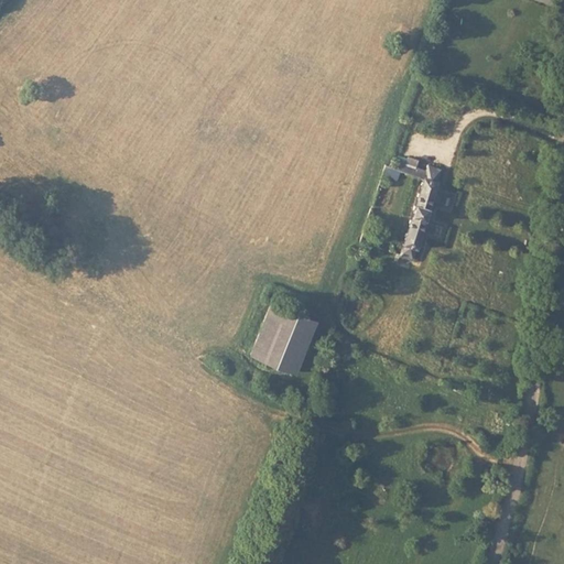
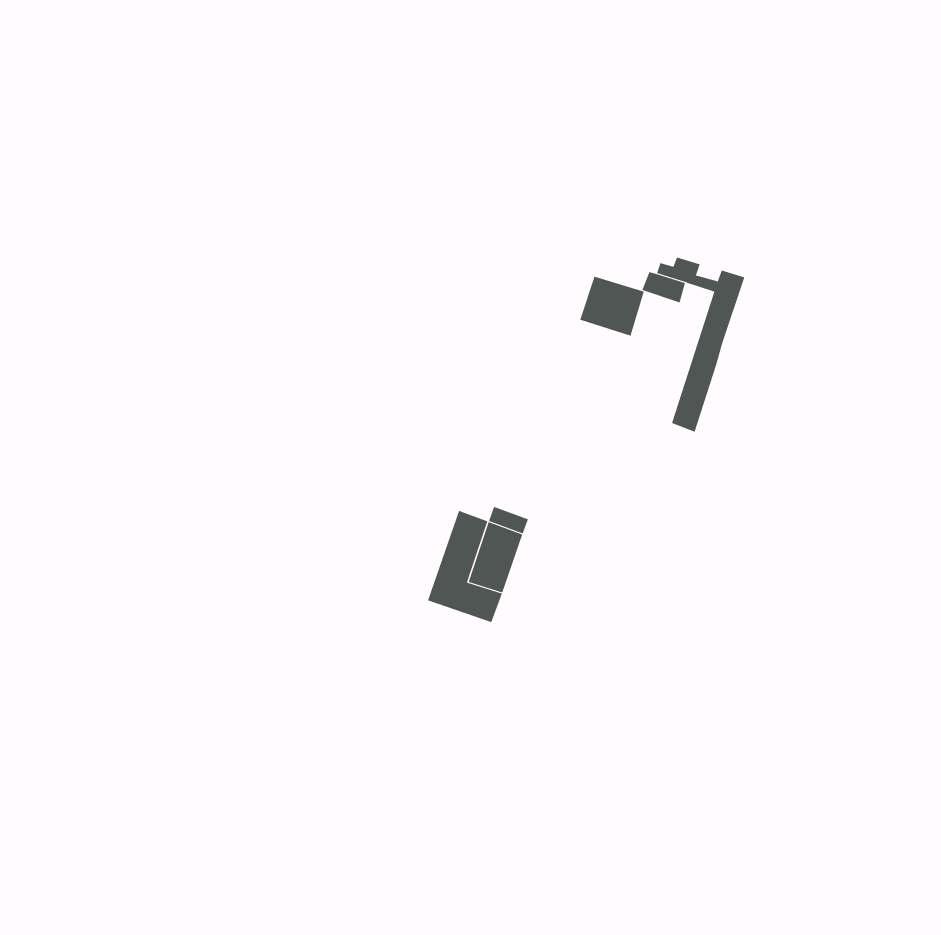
building: none -> [580,276,644,337]

